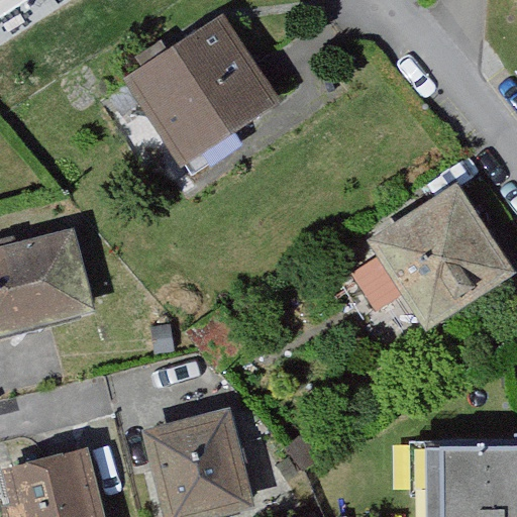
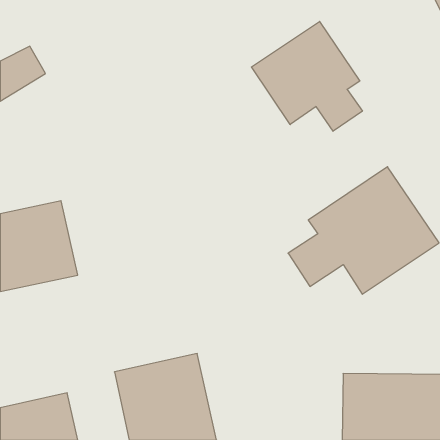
building: [114,7,282,169] -> none
building: none -> [251,21,362,131]

